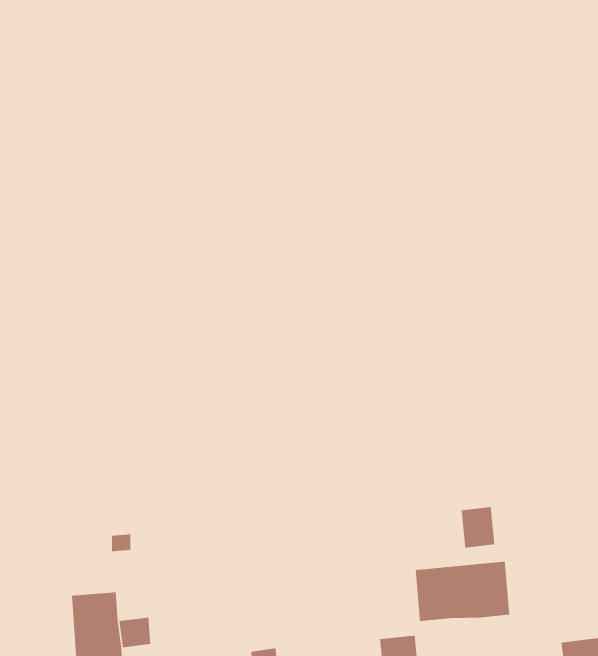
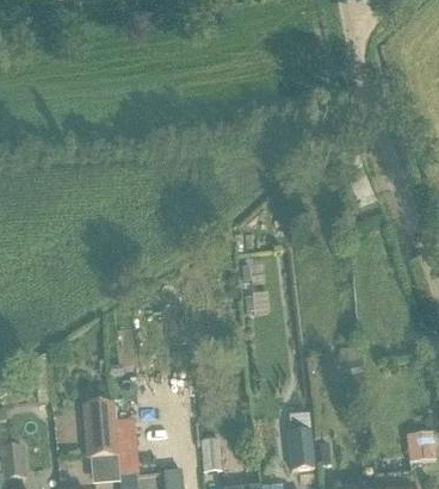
building: [415,561,510,622] -> none

